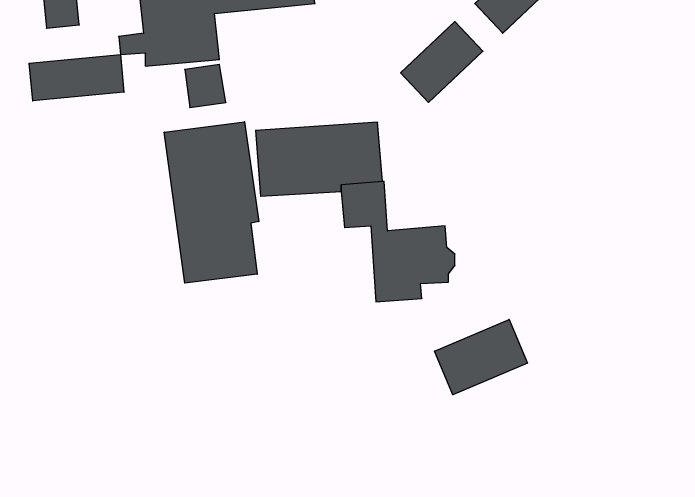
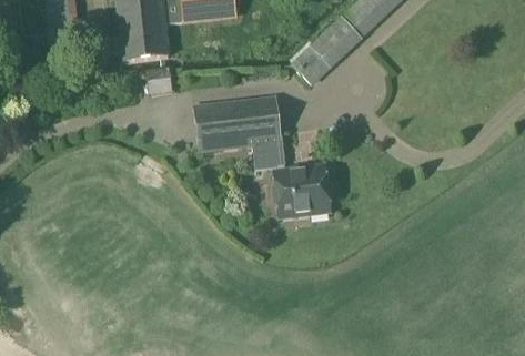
building: [29,55,124,101] -> none
building: [164,122,259,283] -> none
building: [434,319,527,395] -> none

